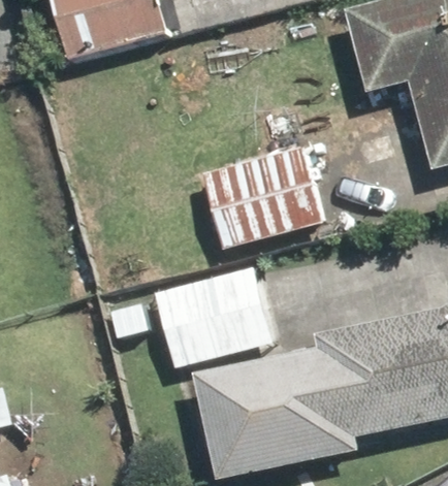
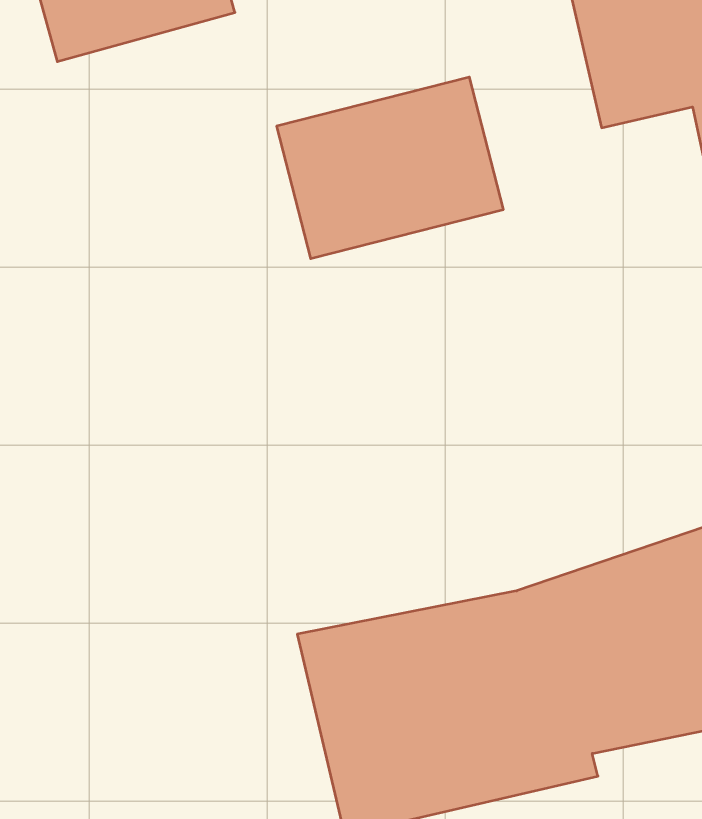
building: [199,150,323,249] -> [277,77,503,259]
building: [154,265,276,364] -> none

